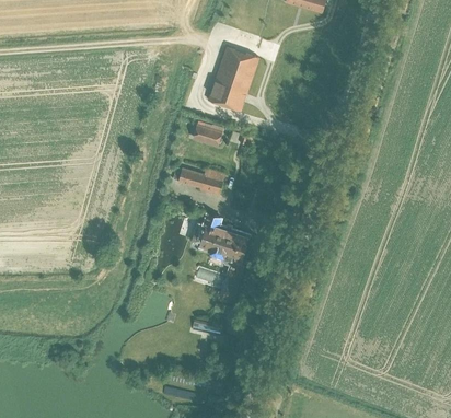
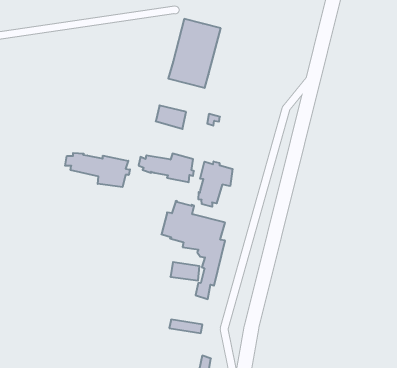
building: none -> [65,153,130,187]
building: none -> [198,161,233,207]

